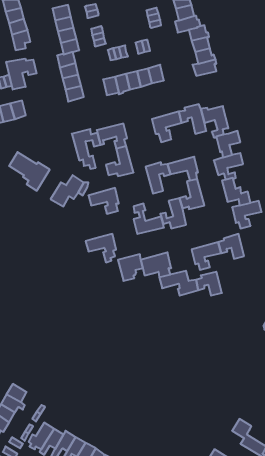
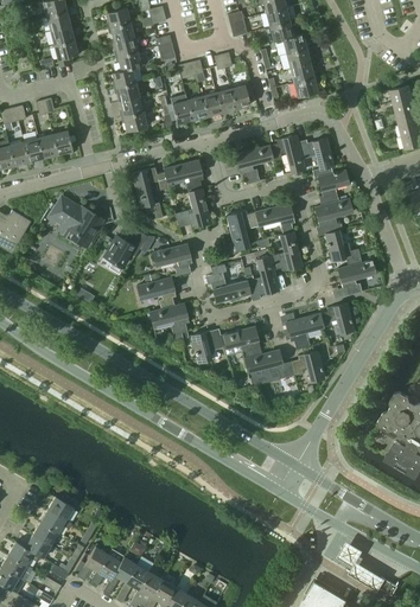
building: [6,59,37,90] -> none
building: none -> [136,275,177,308]

